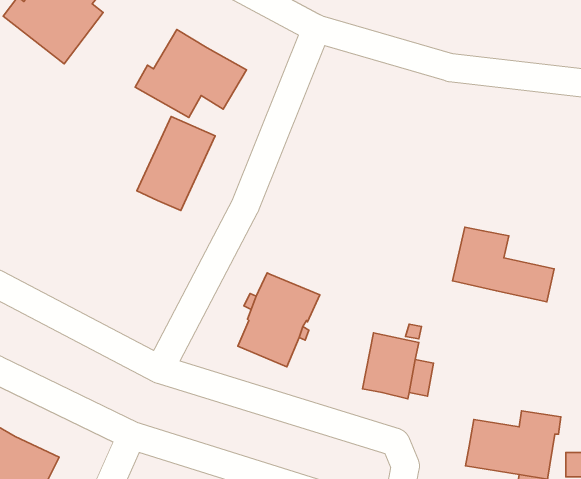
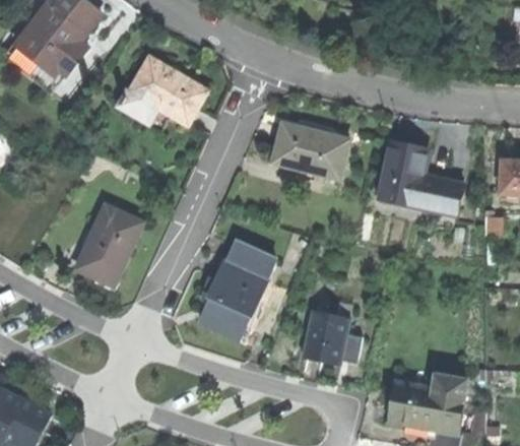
building: none -> [272,122,349,178]
building: [137,116,215,210] -> [76,205,141,283]
building: [453,227,554,302] -> [379,146,463,208]
building: none -> [225,242,275,278]

